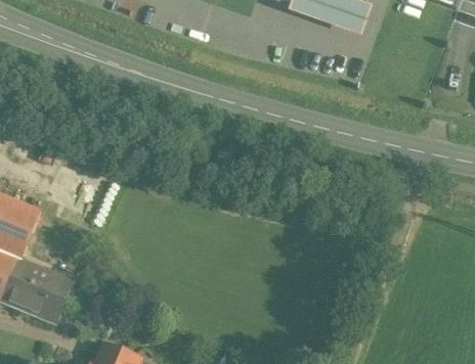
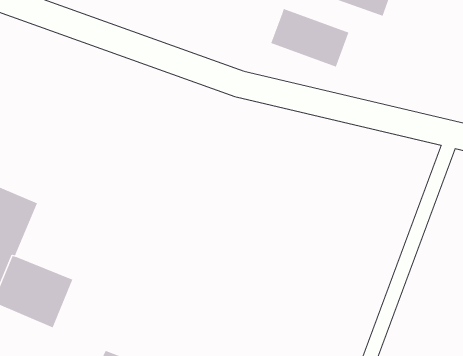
building: none -> [271,8,349,67]

